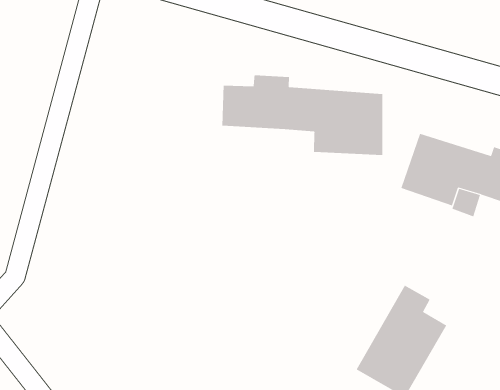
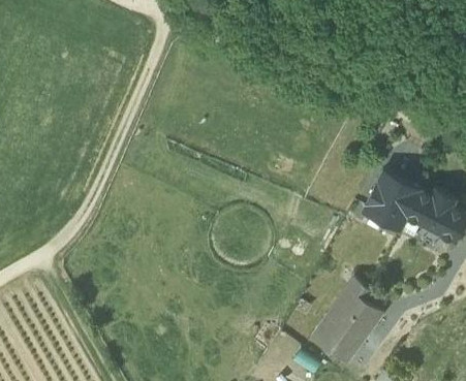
building: [222,75,383,156] -> none

